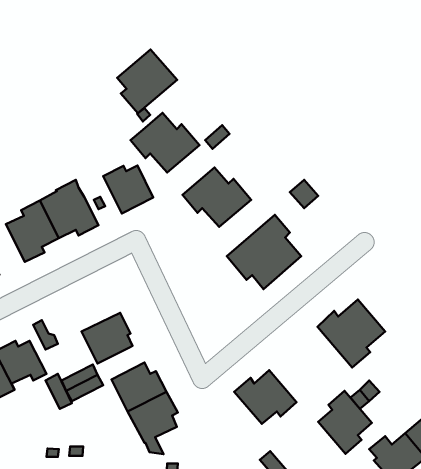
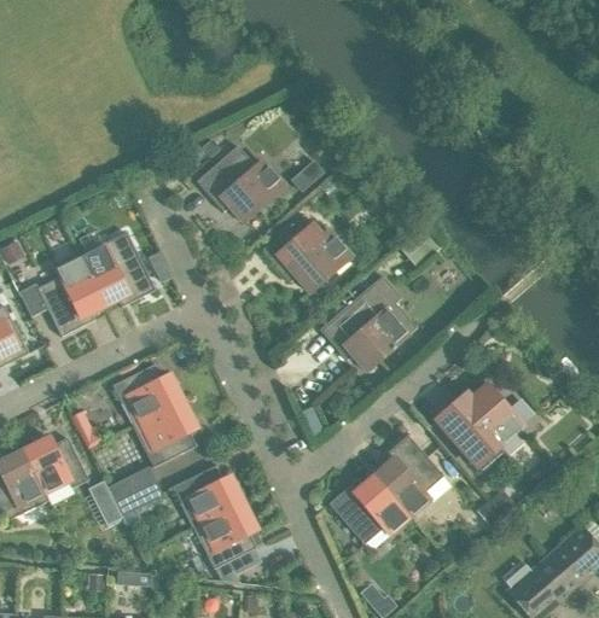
building: [117,50,177,113] -> none
building: [103,166,153,214] -> none
building: none -> [112,363,184,425]
building: [318,391,372,454] -> [374,435,443,515]

